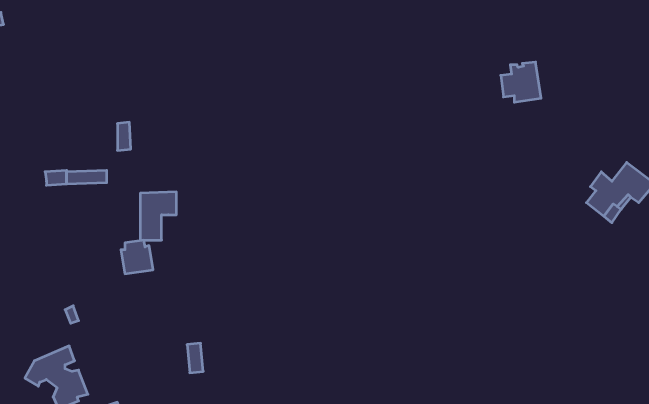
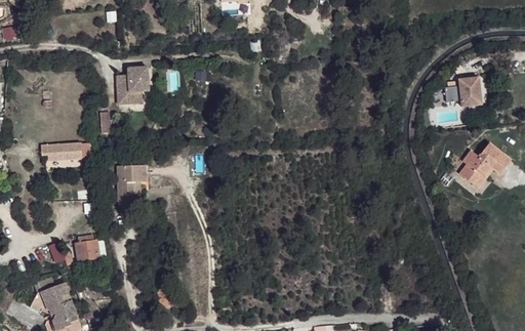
building: [501,62,541,102] -> [449,75,480,106]
building: none -> [117,66,148,102]
building: [121,240,153,274] -> [75,234,99,259]

